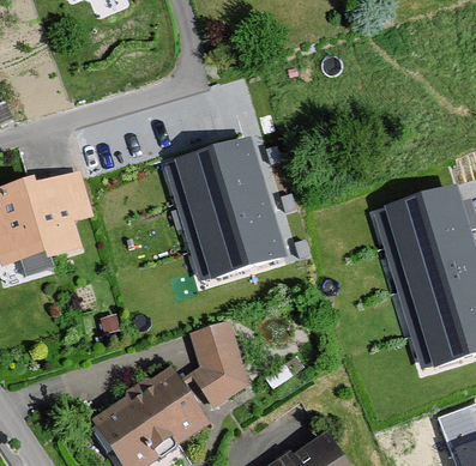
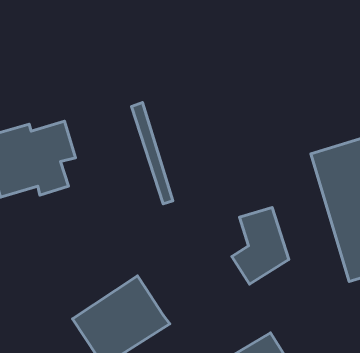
building: [186,149,276,274] -> none
building: [179,319,248,412] -> [232,207,289,284]

